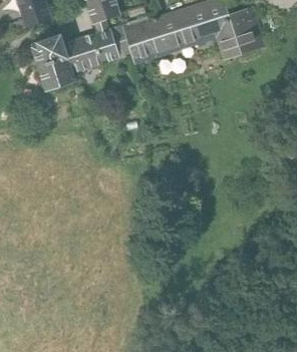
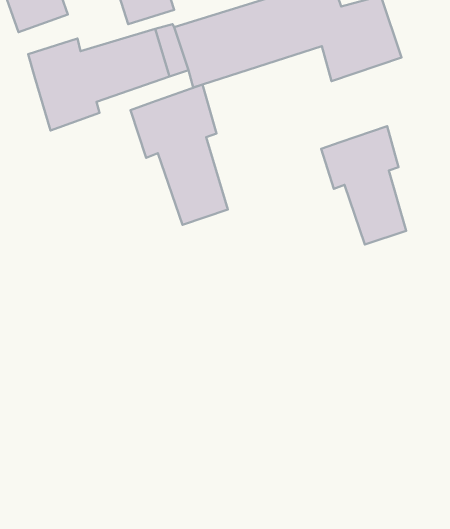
building: none -> [131,85,228,225]
building: none -> [321,126,406,245]

